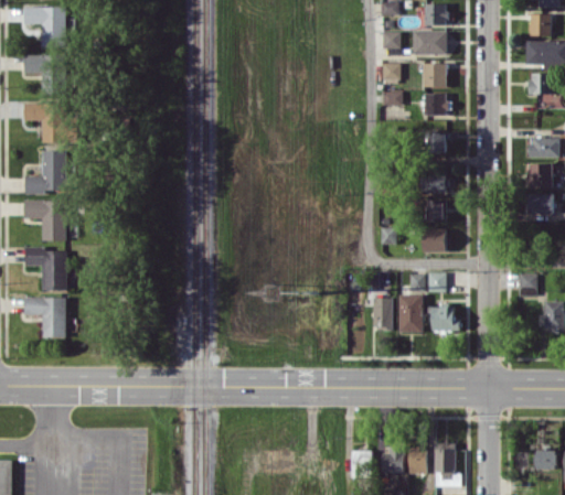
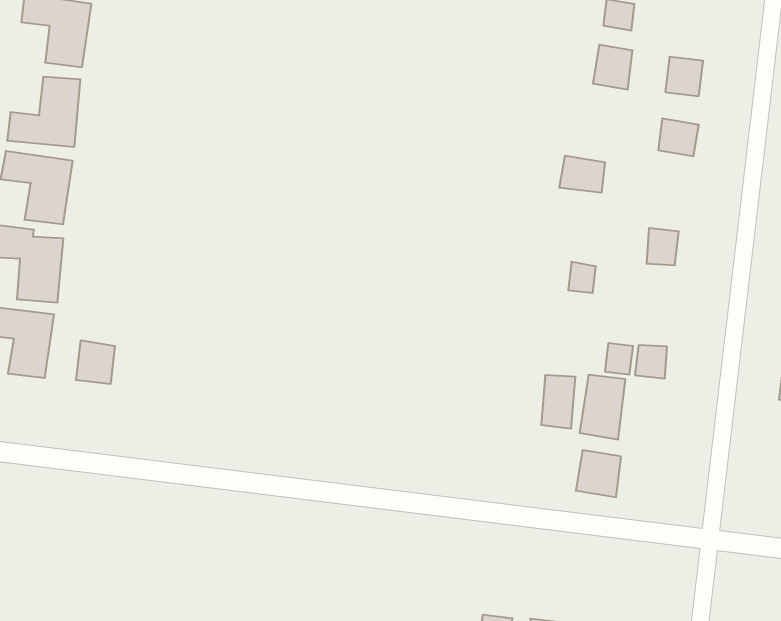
building: [423,64,447,87] -> none
building: [420,173,447,193] -> [559,156,605,193]
building: [423,229,447,252] -> none
building: [431,305,457,332] -> [576,450,621,497]
building: none -> [76,340,115,384]

